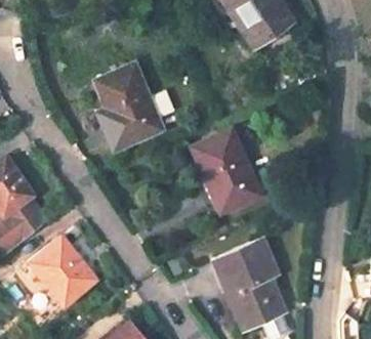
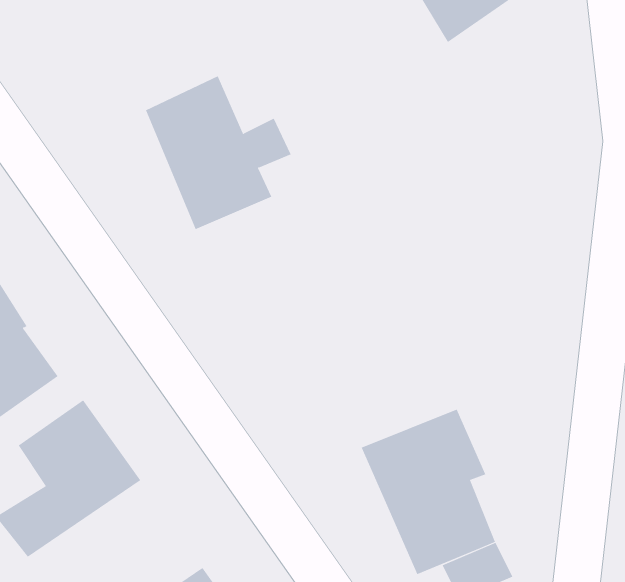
building: [193,130,260,212] -> none

